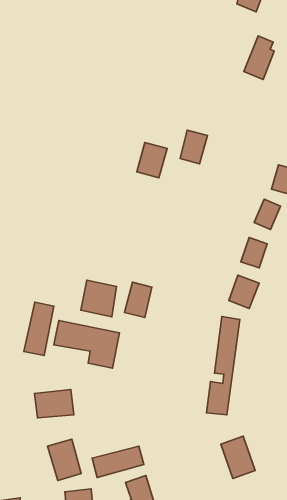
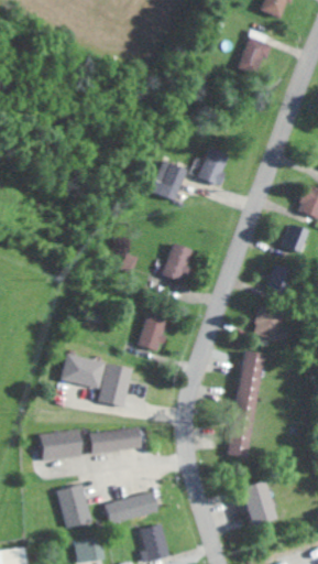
building: [244,36,274,80] -> [237,29,270,76]
building: none -> [163,243,191,282]
building: [81,280,116,317] -> none
building: [24,302,54,356] -> none
building: none -> [91,429,142,454]

